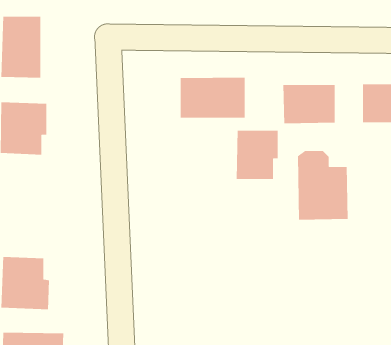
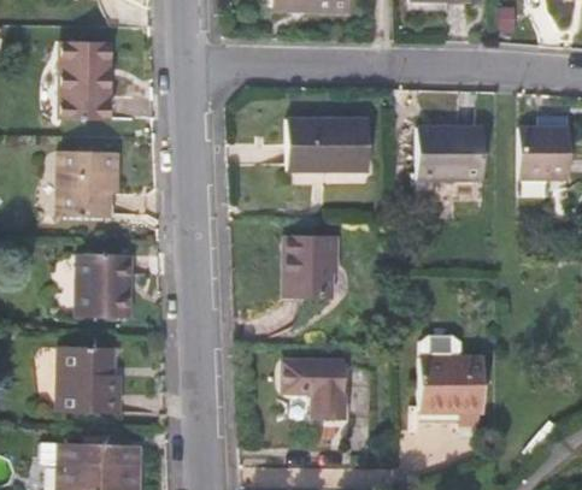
building: [236,130,279,180] -> [283,235,337,299]
building: [297,150,349,220] -> [418,335,483,424]
building: none -> [76,253,131,318]
building: none -> [283,361,343,419]

